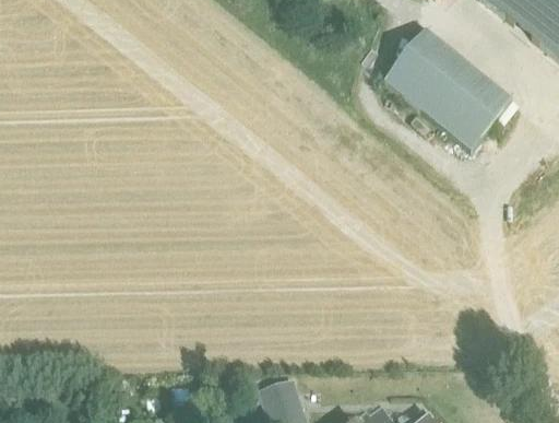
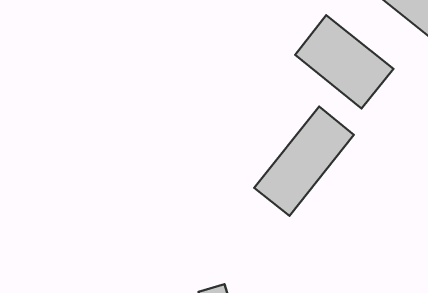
building: none -> [254,107,354,216]

